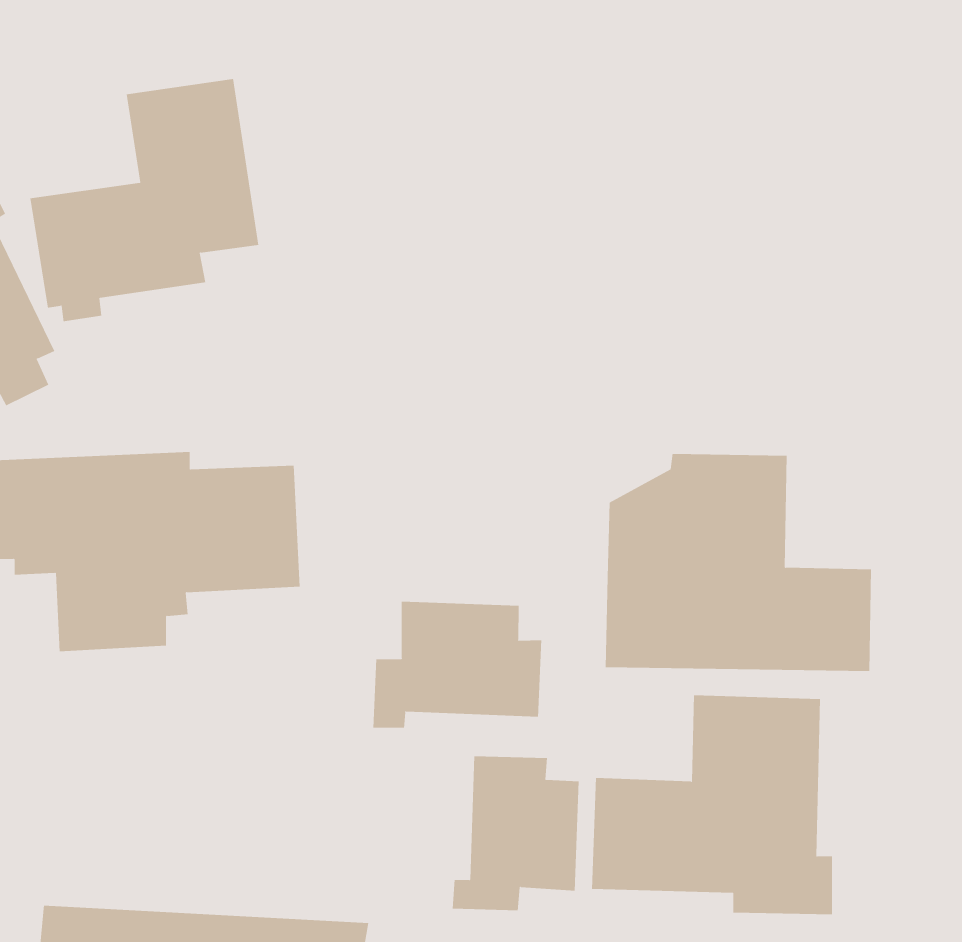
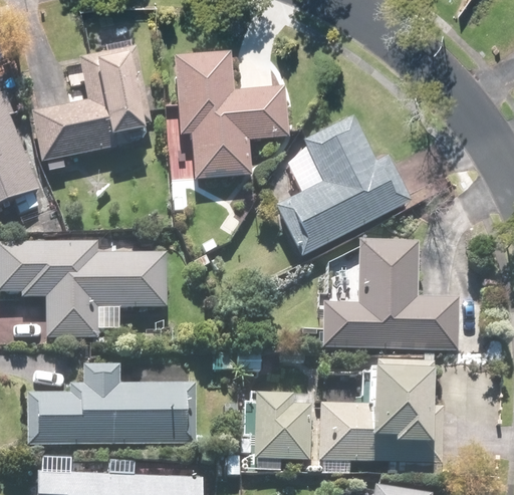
building: none -> [174,51,289,180]
building: none -> [275,113,412,257]
building: [373,601,542,728] -> none
building: none -> [28,360,197,446]

